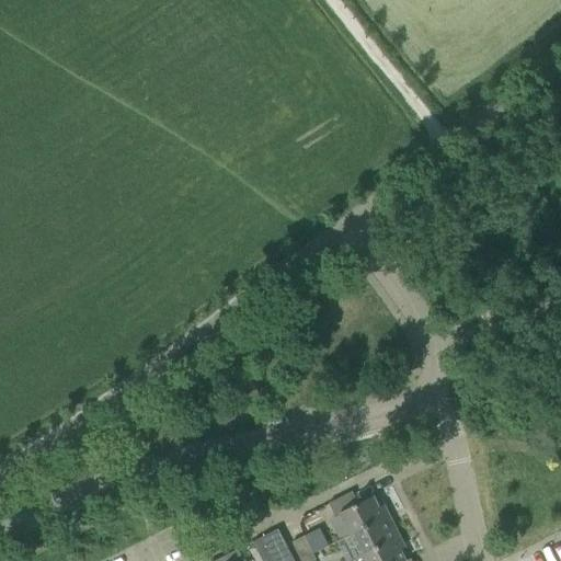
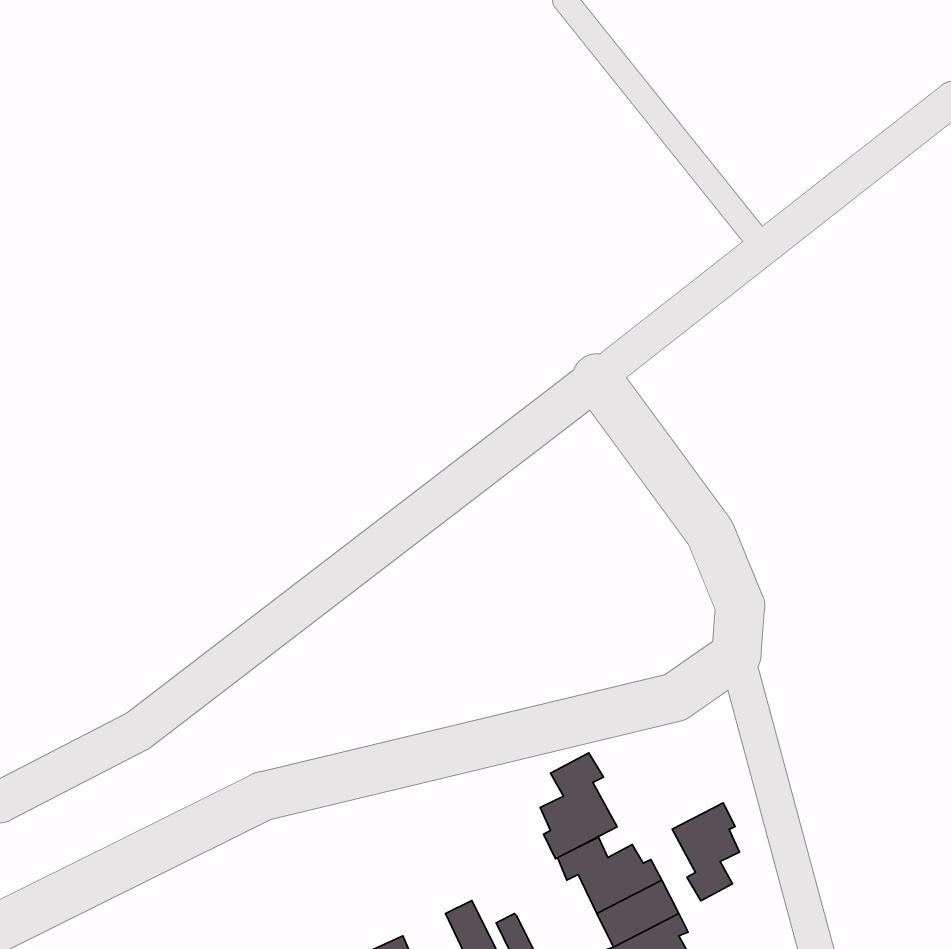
building: none -> [540,753,617,859]
building: none -> [672,803,740,901]

